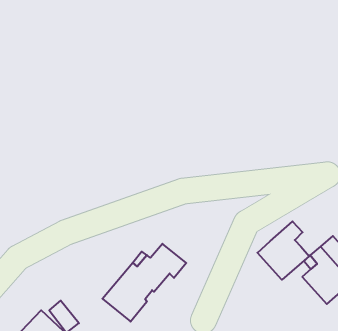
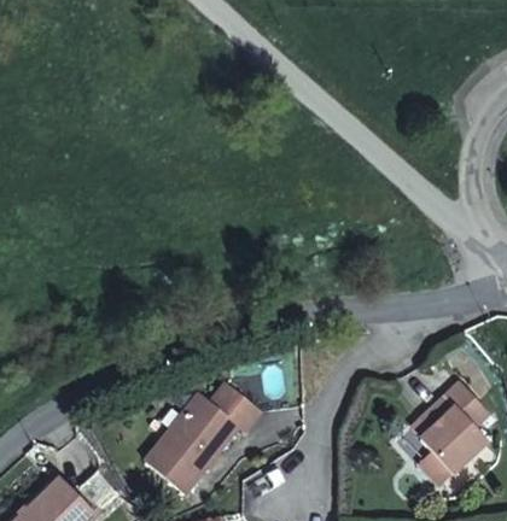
building: [257,221,309,280] -> none

